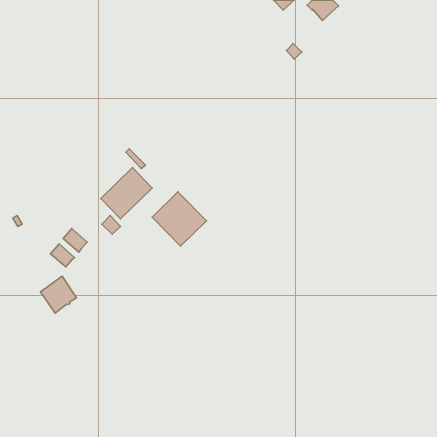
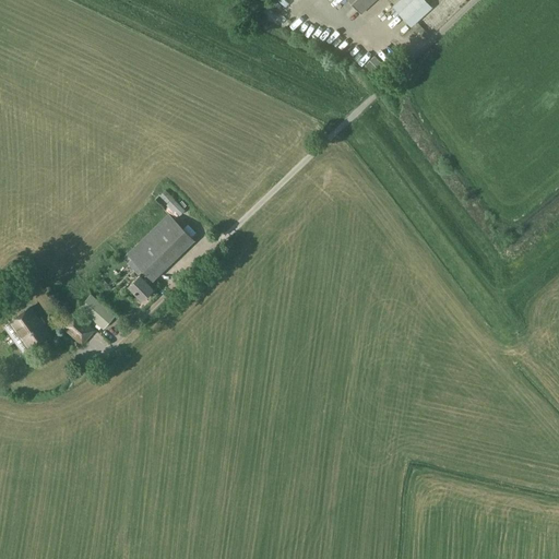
building: [152,192,206,246] -> none
building: [41,276,77,313] -> [5,306,51,353]

